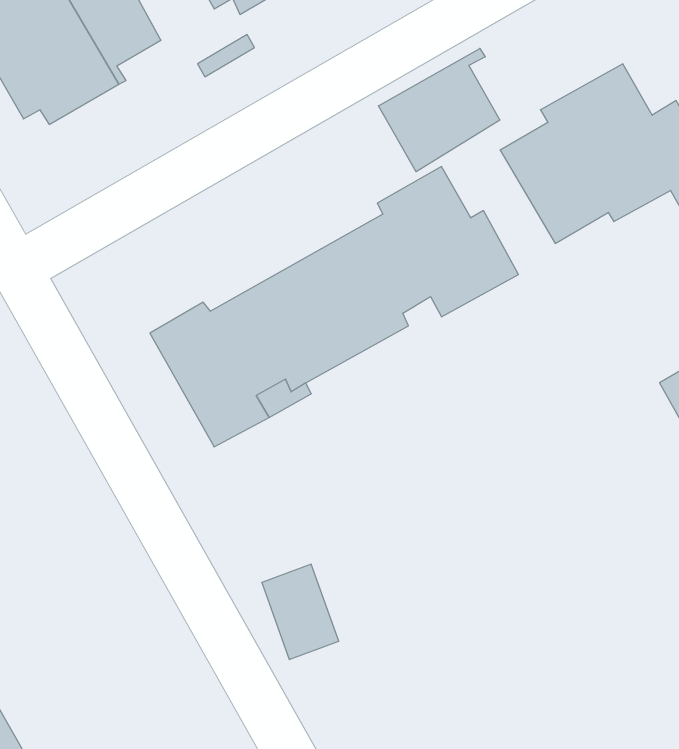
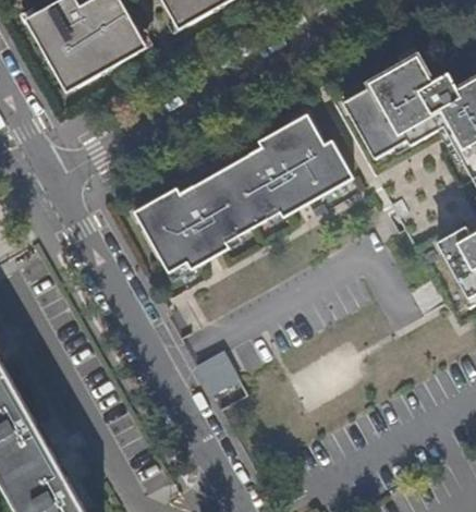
building: [378,48,500,172] -> none

